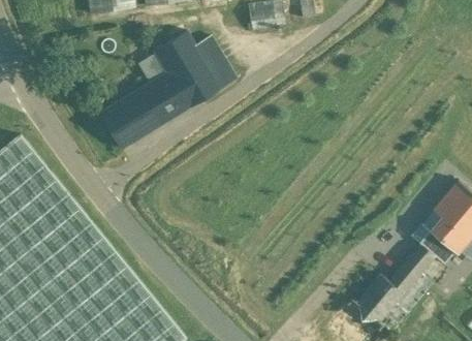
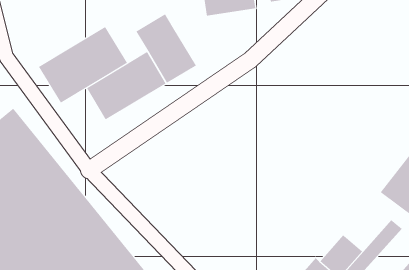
building: [195,35,235,87] -> none
building: none -> [38,26,128,103]
building: [387,242,434,290] -> none

